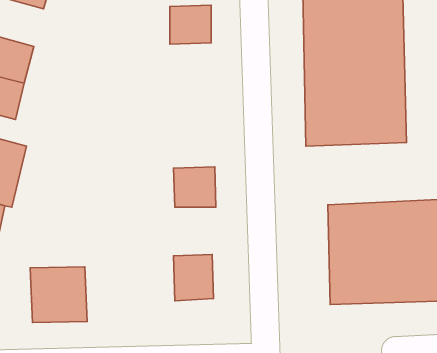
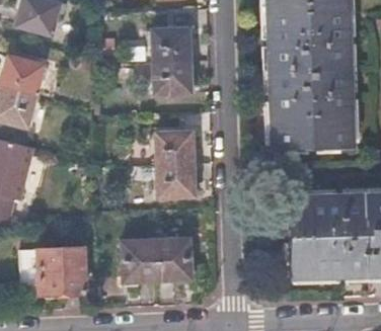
building: none -> [156,62,192,95]
building: none -> [158,135,194,166]
building: none -> [124,239,160,277]

